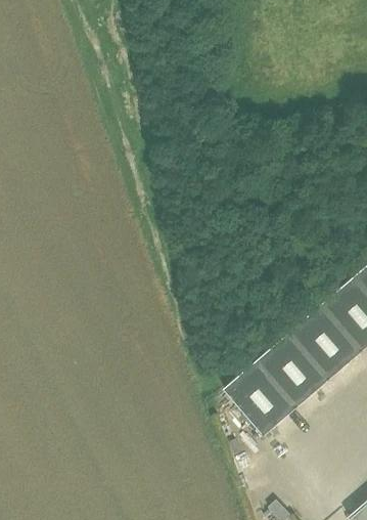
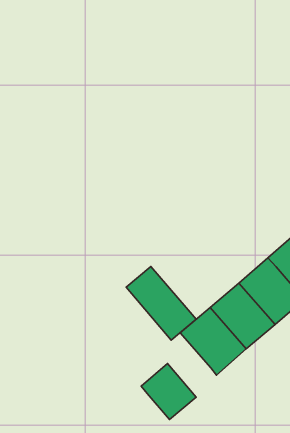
building: none -> [126,266,196,340]
building: none -> [141,364,196,420]

